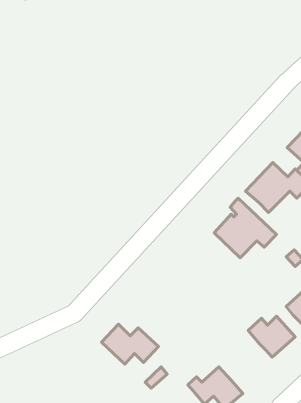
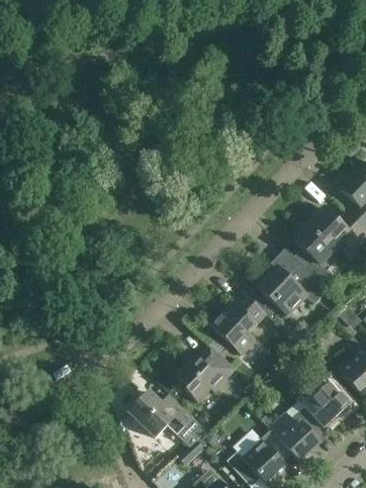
building: none -> [211,291,267,354]
building: none -> [174,344,237,401]
building: none -> [269,410,321,461]

